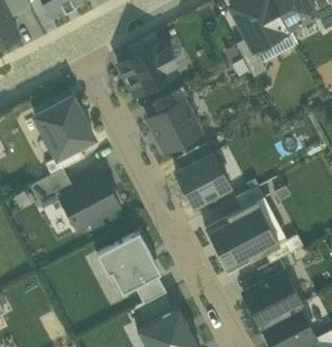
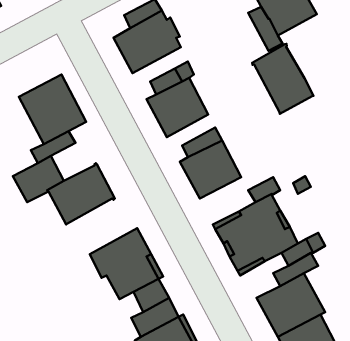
building: none -> [252,44,314,114]

